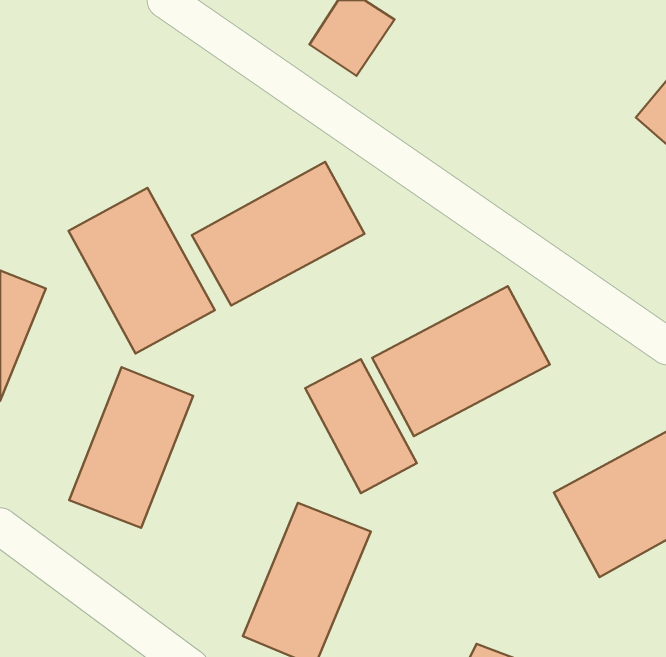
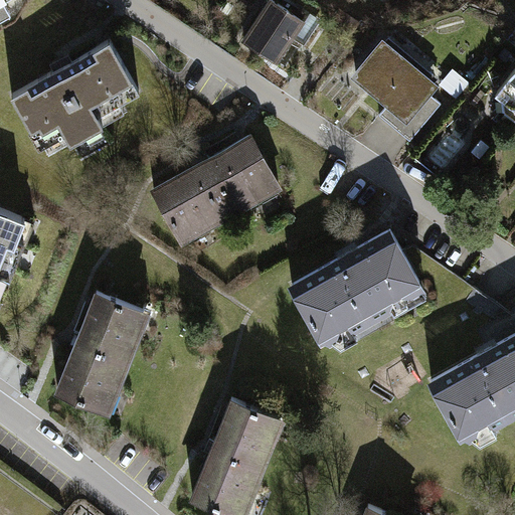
building: none -> [349,37,440,145]
building: none -> [6,39,143,156]
building: [68,188,215,353] -> none
building: [305,359,417,493] -> none

